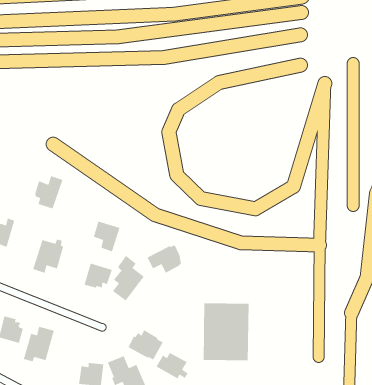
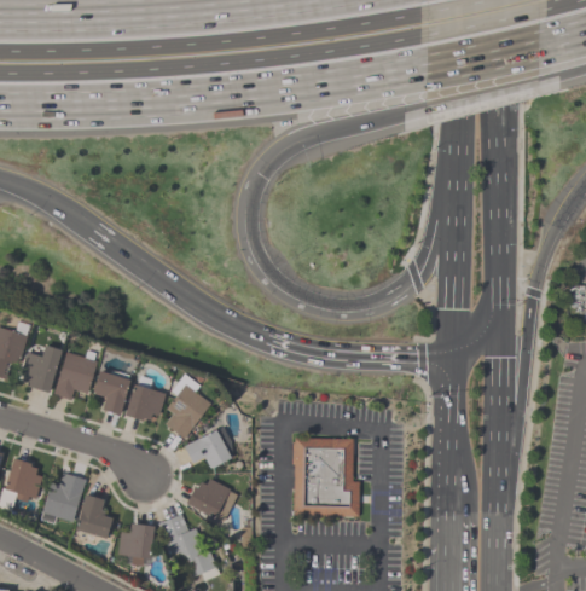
building: [34,175,64,210] -> [23,344,64,393]
building: [93,221,120,253] -> [93,370,132,415]
building: [146,244,182,274] -> [185,428,234,469]
building: none -> [76,494,114,538]
building: [155,352,189,380] -> none

